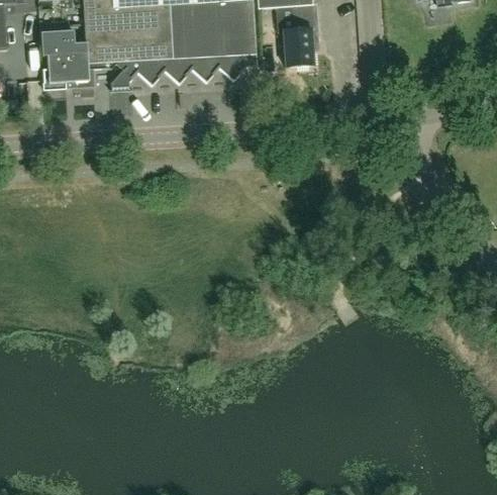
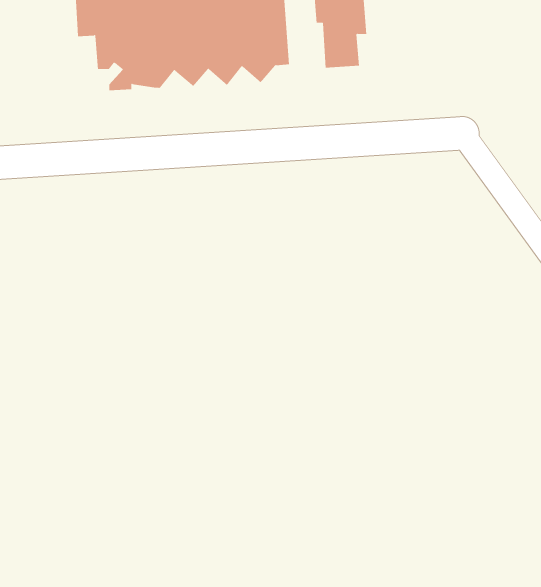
building: [39,28,101,87] -> none

